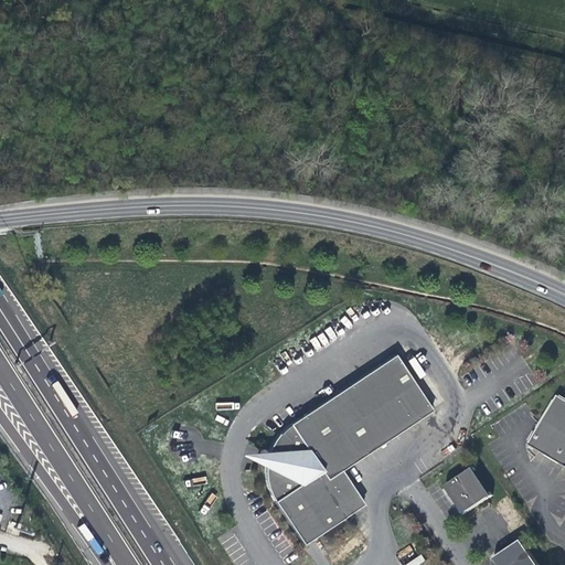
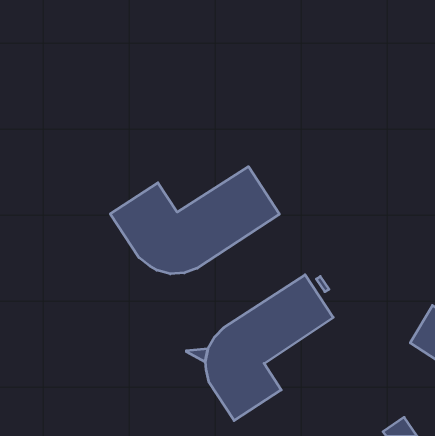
building: none -> [110,167,279,274]
building: [449,468,495,514] -> none

